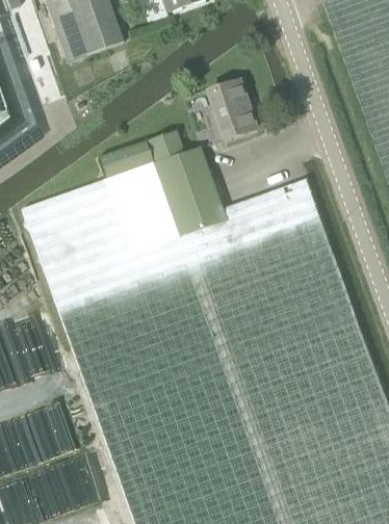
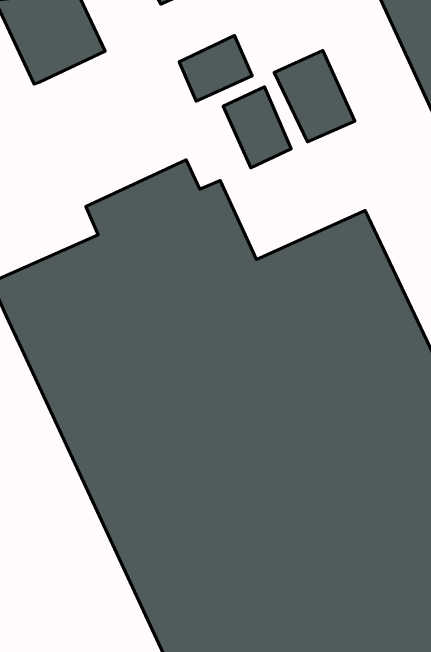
building: none -> [179,35,252,101]
building: none -> [274,51,355,142]

